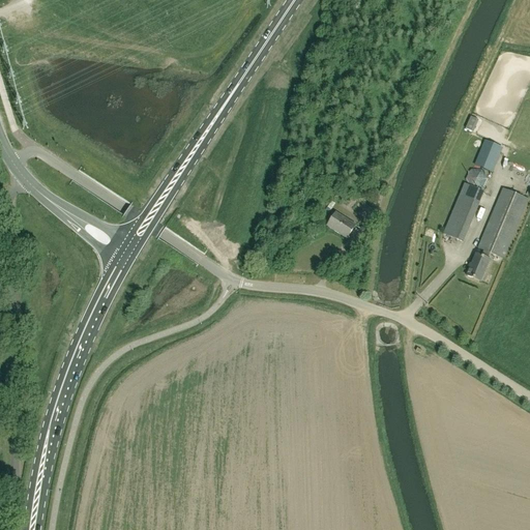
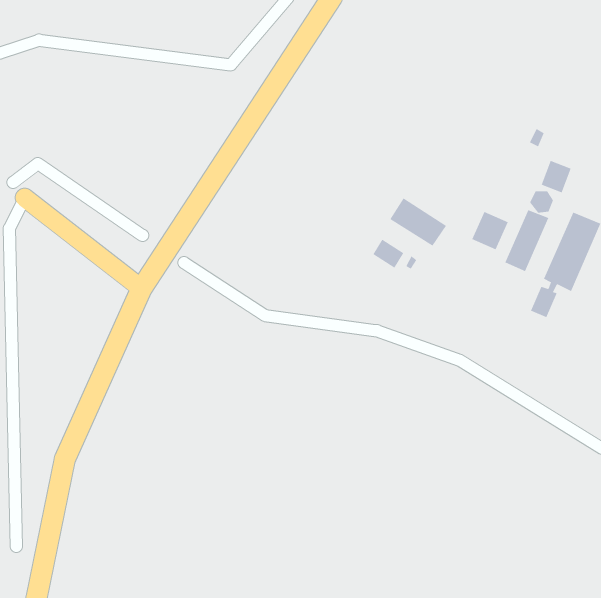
building: none -> [390,197,447,246]
building: none -> [471,211,509,250]

